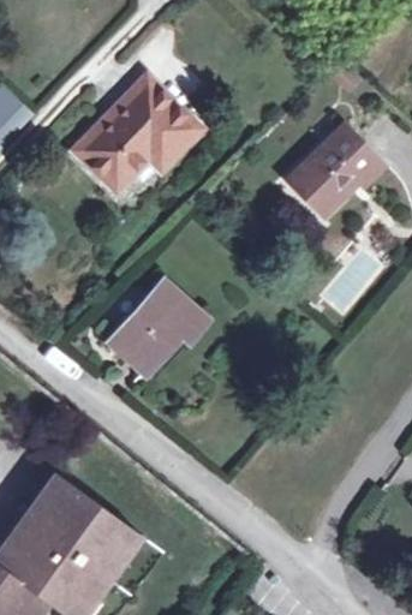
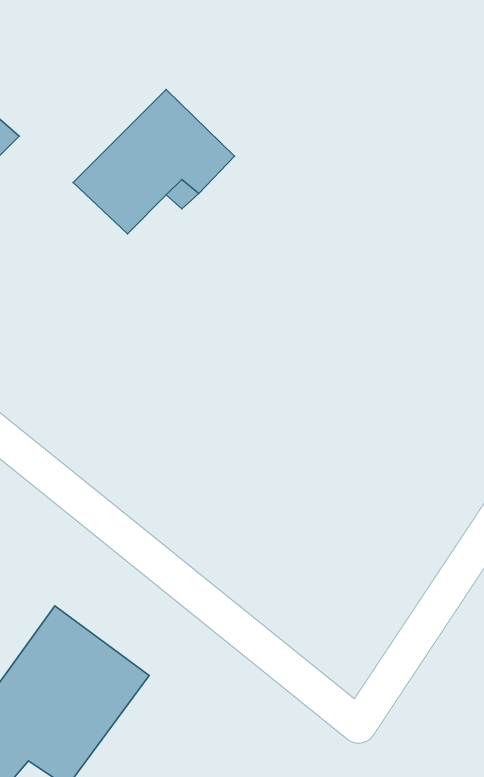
building: [288,126,378,215] -> none
building: [108,281,201,372] -> none

